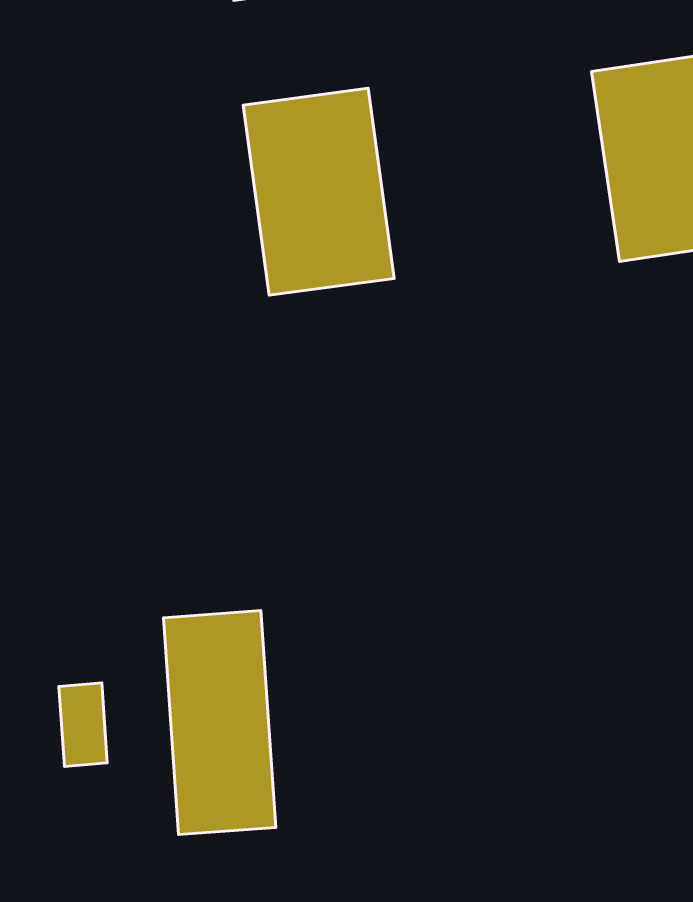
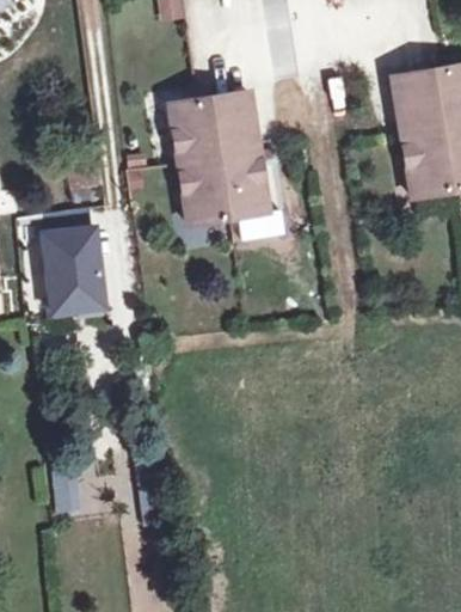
building: none -> [47,221,113,313]
building: [163,611,276,835] -> none

